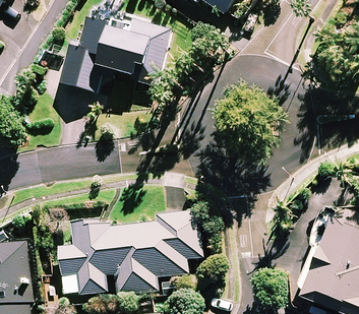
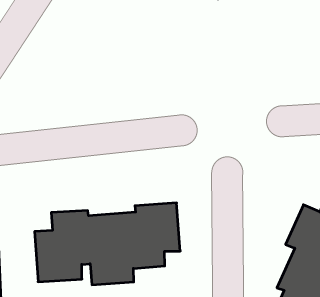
building: [61,20,169,90] -> none

